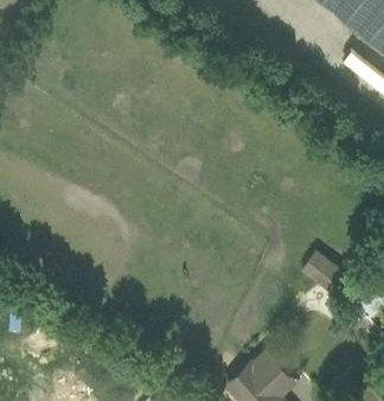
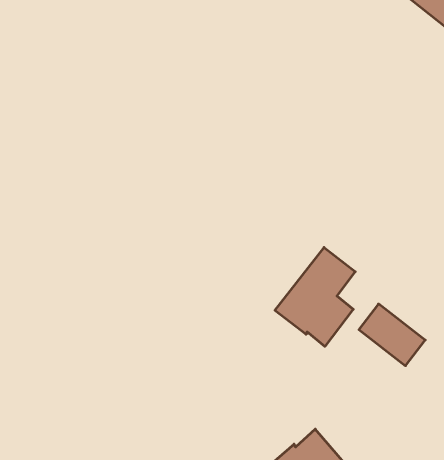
building: none -> [275,247,355,346]

